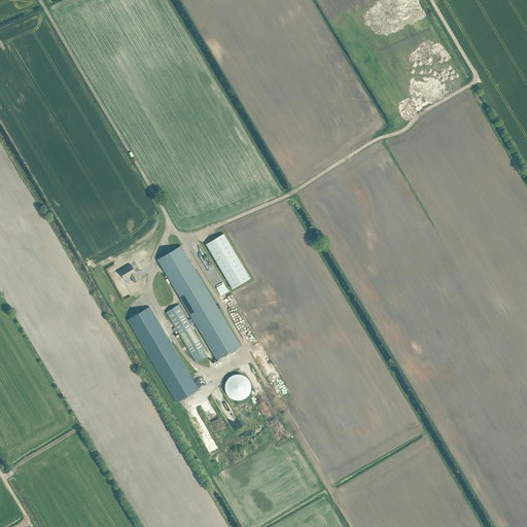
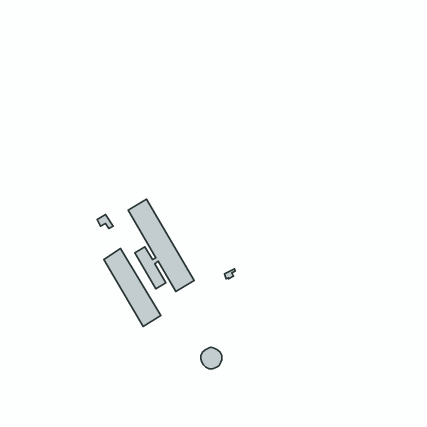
building: [205,233,249,288] -> none
building: [224,373,250,399] -> [201,347,222,369]

